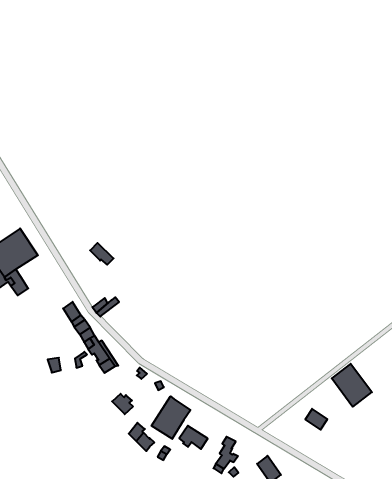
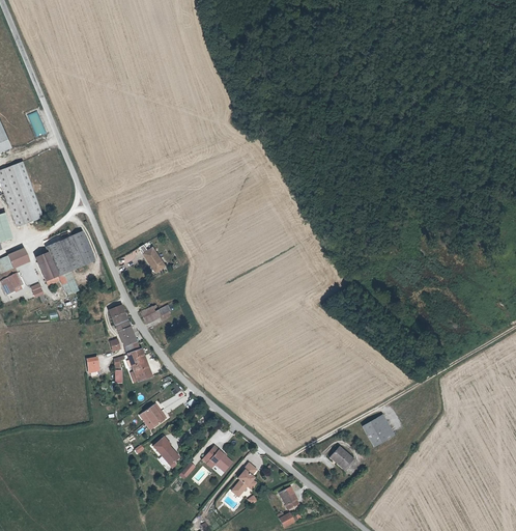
building: [152,396,190,439] -> none

